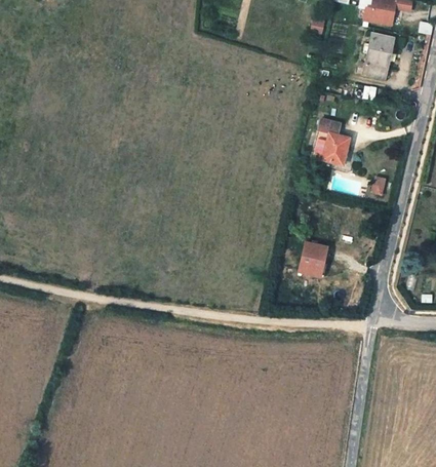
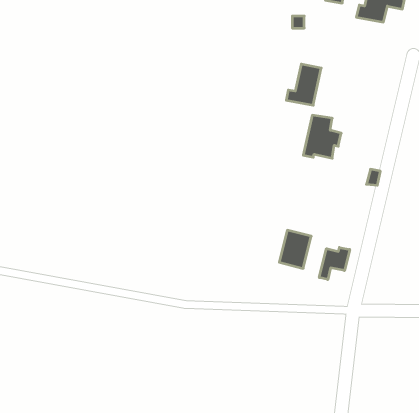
building: [361,33,397,75] -> [286,64,321,105]
building: none -> [319,247,350,280]

